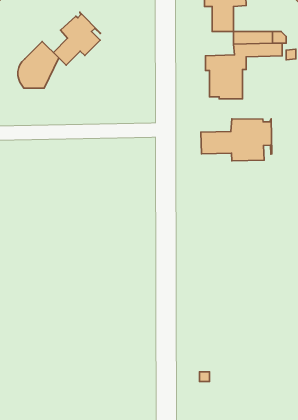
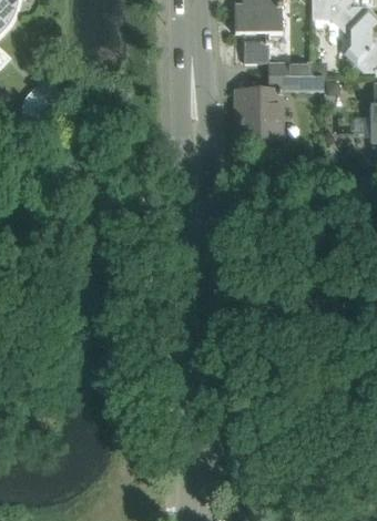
building: [53,12,101,65] -> none
building: [201,119,272,161] -> none

